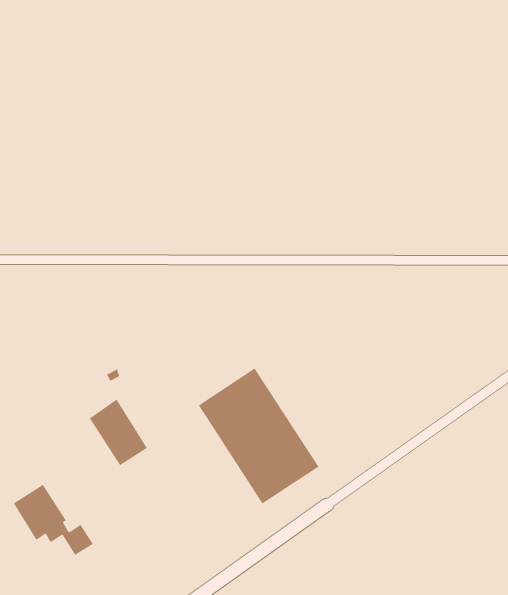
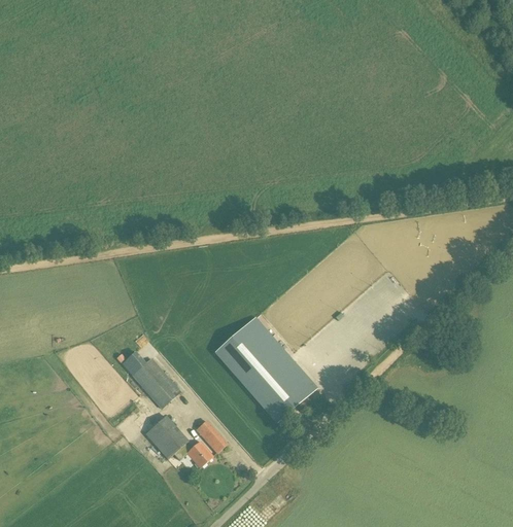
building: [13,484,94,556] -> [144,414,212,466]
building: none -> [195,419,228,453]

